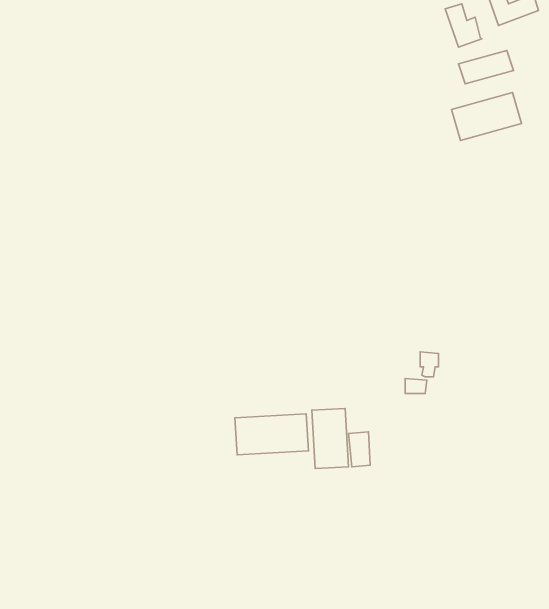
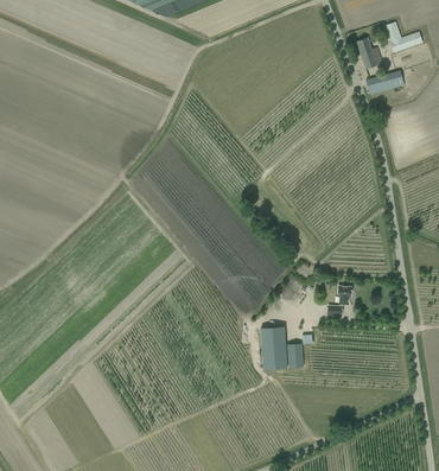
building: [452,93,521,140] -> none
building: [235,414,309,455] -> none

